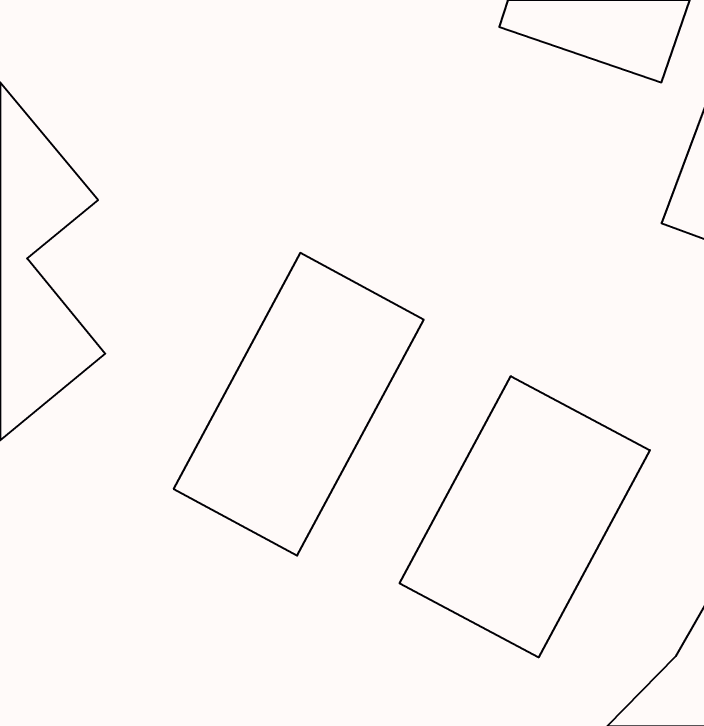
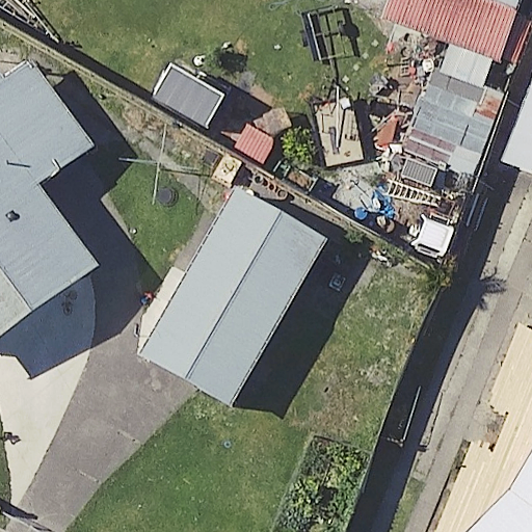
building: [400,376,650,657] -> none

